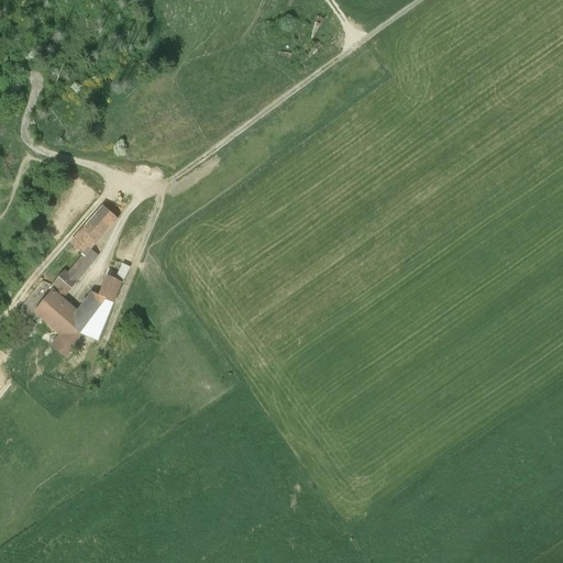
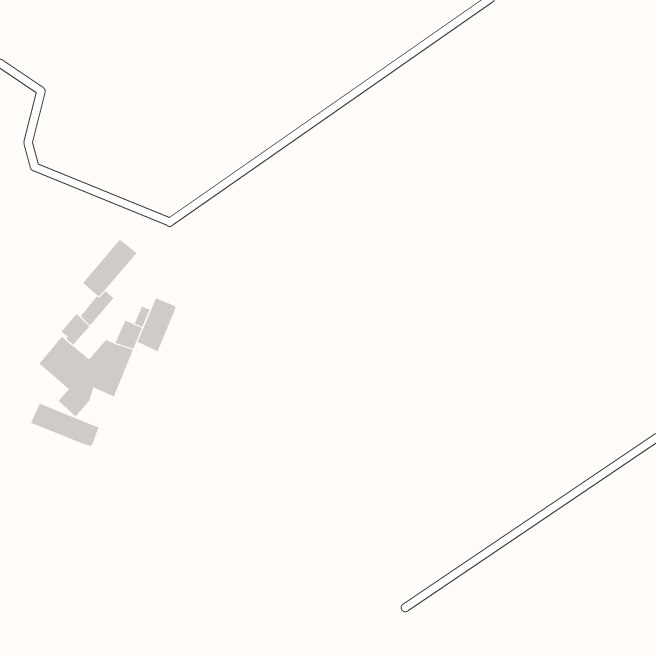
building: none -> [137,298,176,352]
building: none -> [30,403,99,447]

